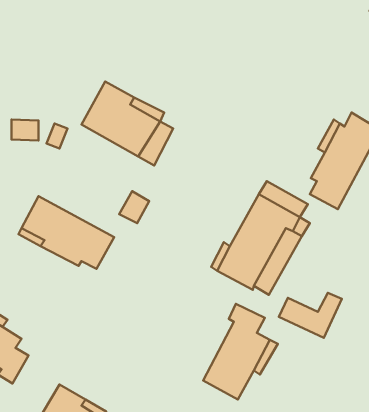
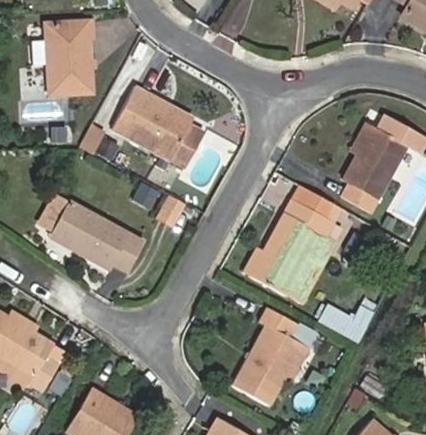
building: none -> [48,19,93,90]

